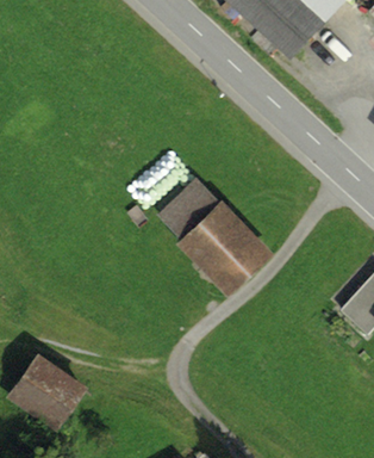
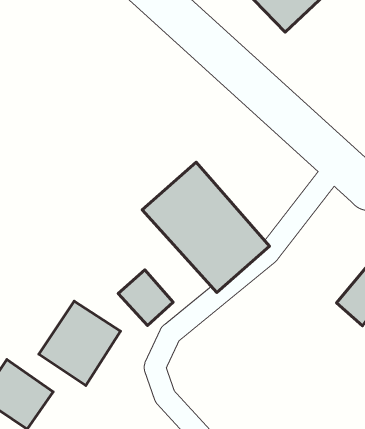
building: none -> [118,270,173,326]
building: none -> [39,301,120,386]

